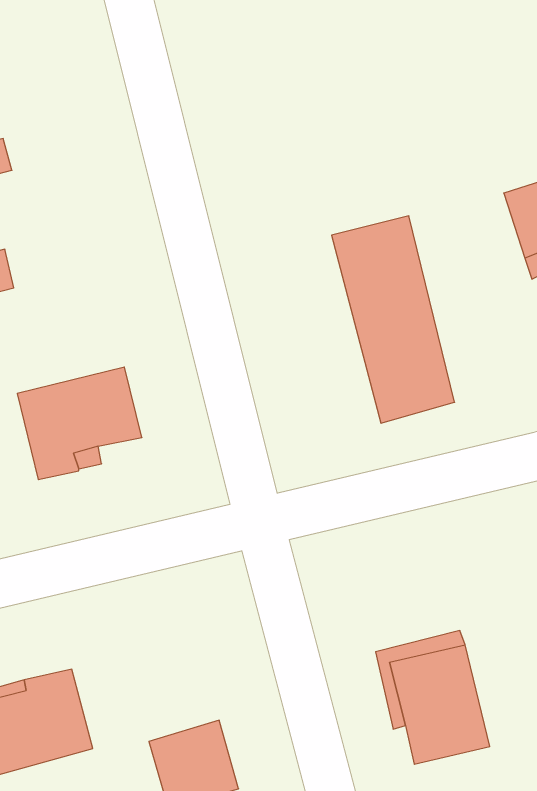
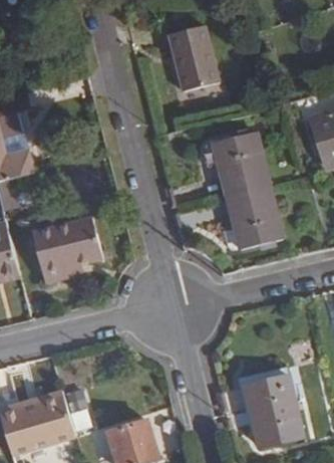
building: none -> [168,24,218,89]

